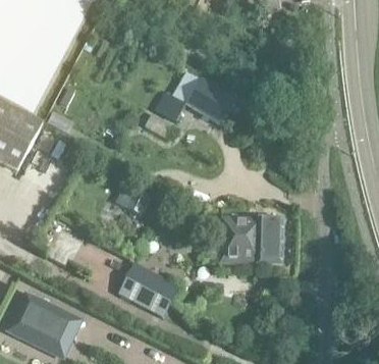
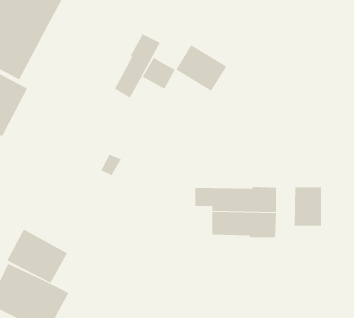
building: none -> [114,34,161,98]
building: none -> [294,186,321,227]
building: [118,262,177,315] -> [7,229,68,284]

